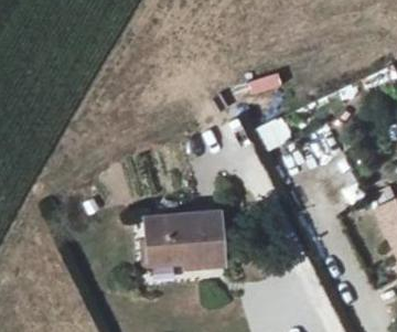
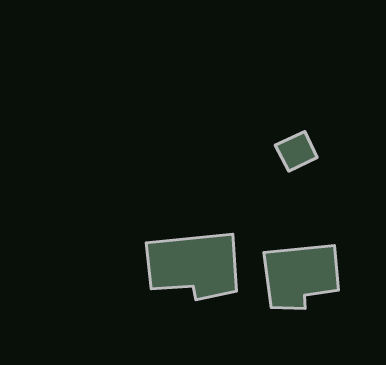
building: none -> [264,246,339,309]

